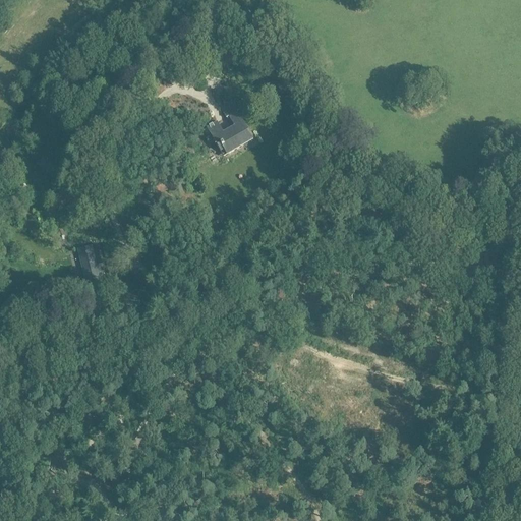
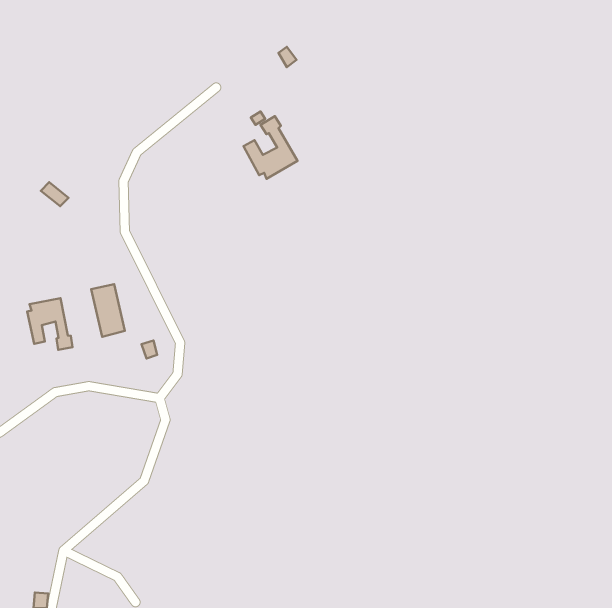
building: none -> [27,298,73,350]

